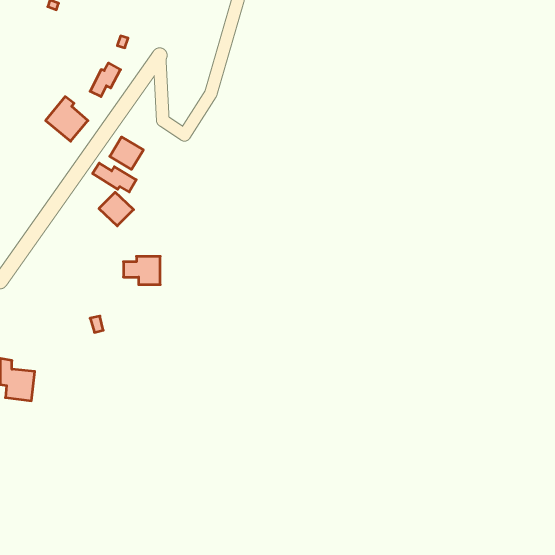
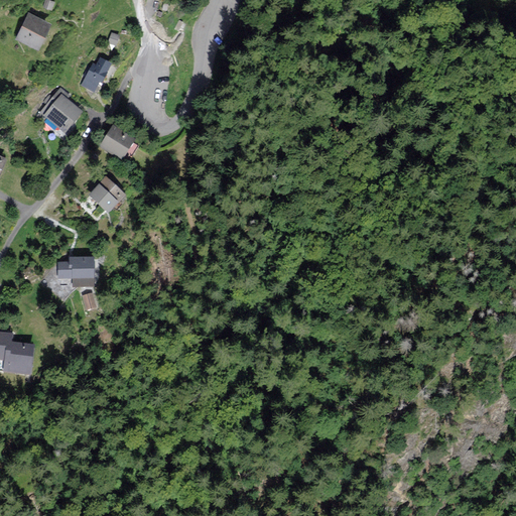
building: none -> [18,15,49,48]
building: [93,163,136,192] -> none
building: [123,256,160,285] -> [59,258,94,284]

